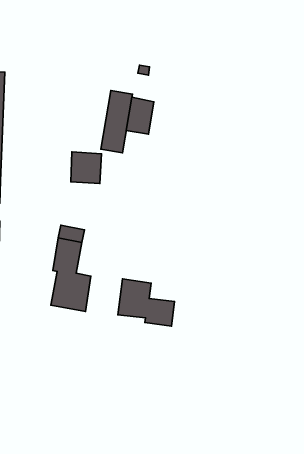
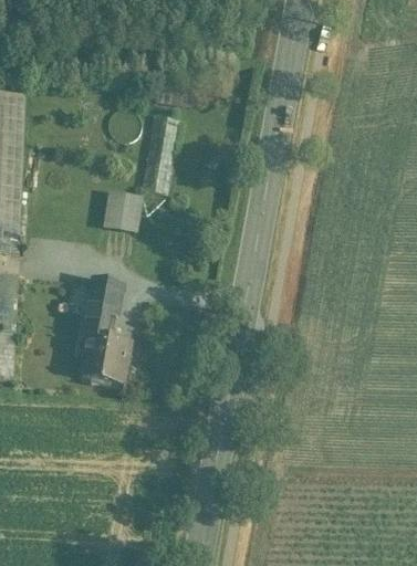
building: [126,97,154,134] -> none
building: [118,279,175,326] -> none

